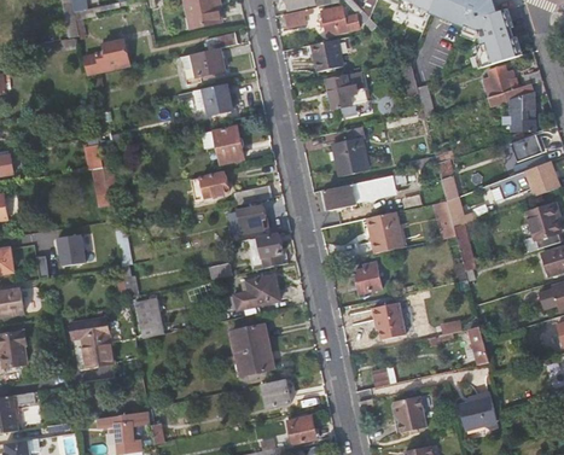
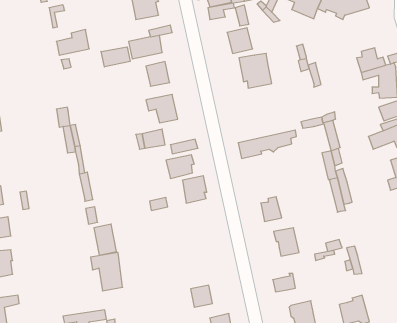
building: [483,16,517,53] -> none
building: none -> [101,47,130,67]
building: [332,126,370,175] -> none
building: [368,211,403,252] -> none
building: [58,233,86,264] -> none
building: [236,275,280,308] -> none
building: [70,316,112,367] -> [91,253,123,291]
building: [234,323,274,374] -> none

